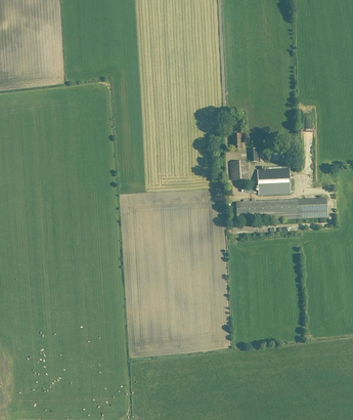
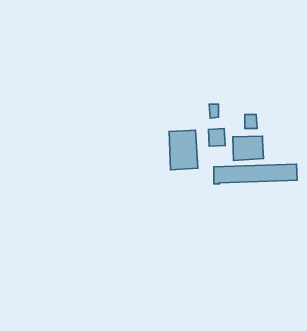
building: none -> [169,130,198,170]

